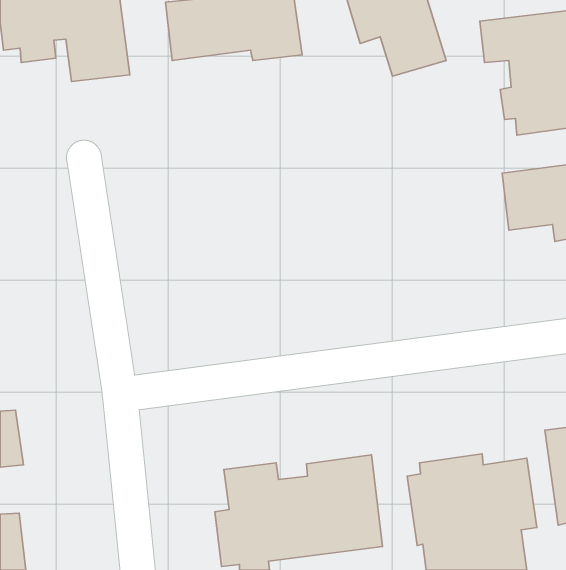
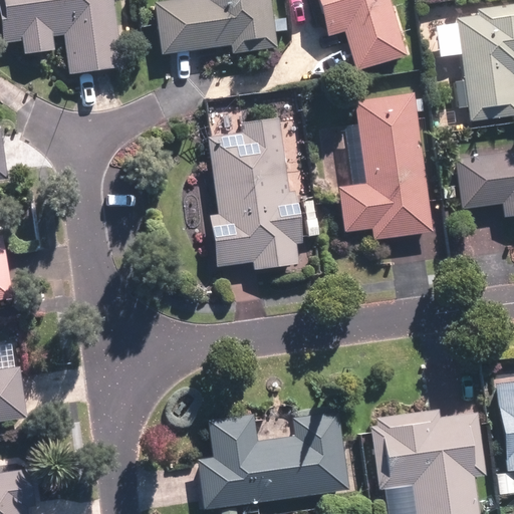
building: none -> [337,95,432,239]
building: none -> [209,117,304,269]

